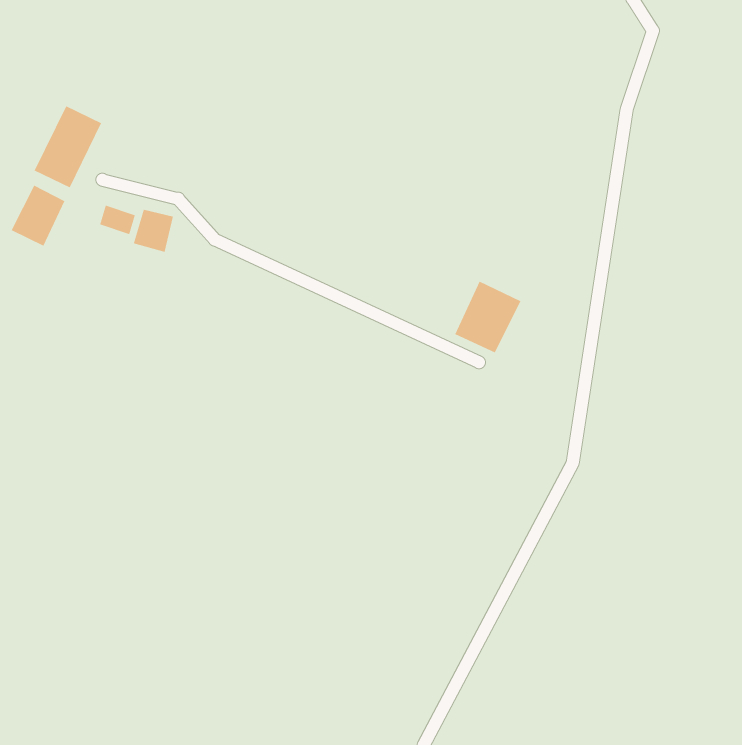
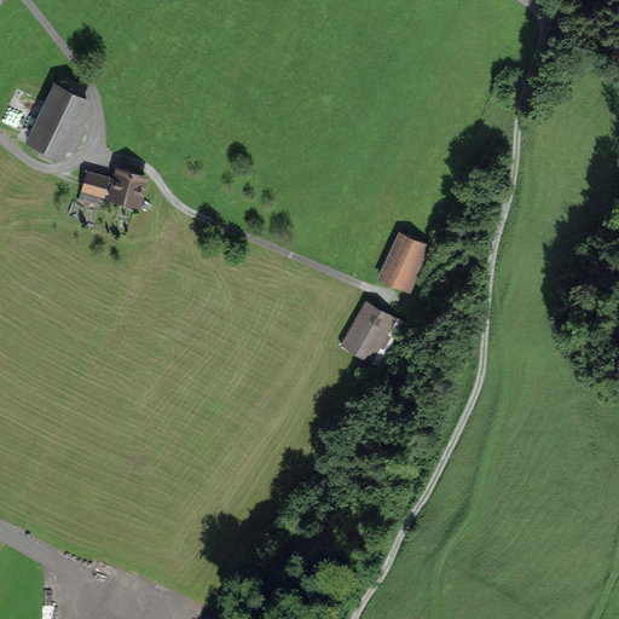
building: [10,185,66,247] -> none
building: none -> [341,302,398,361]

